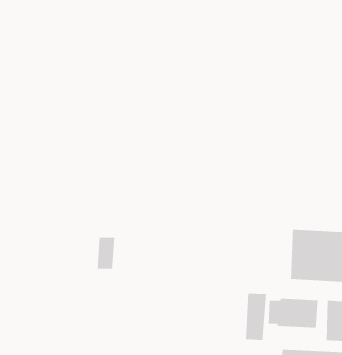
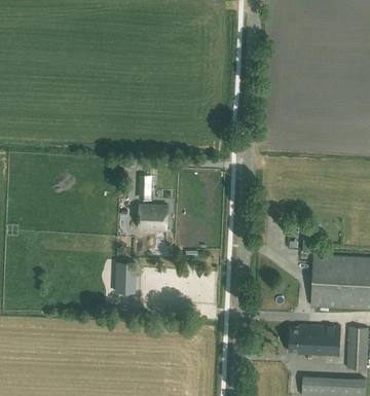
building: none -> [138,203,168,227]
building: [245,293,267,341] -> none

